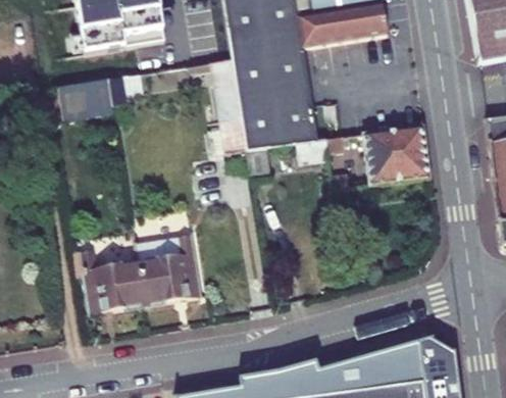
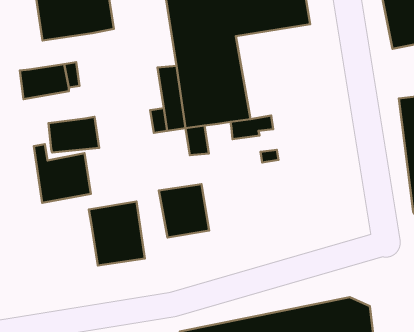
building: [364,125,432,184] -> none
building: none -> [49,117,99,153]
building: none -> [159,184,209,238]
building: [84,249,148,315] -> [34,144,91,203]

